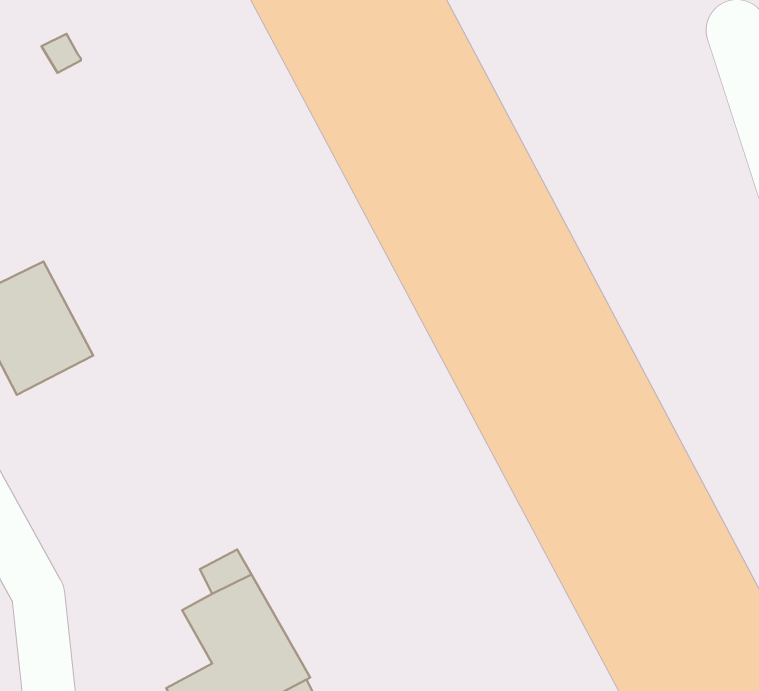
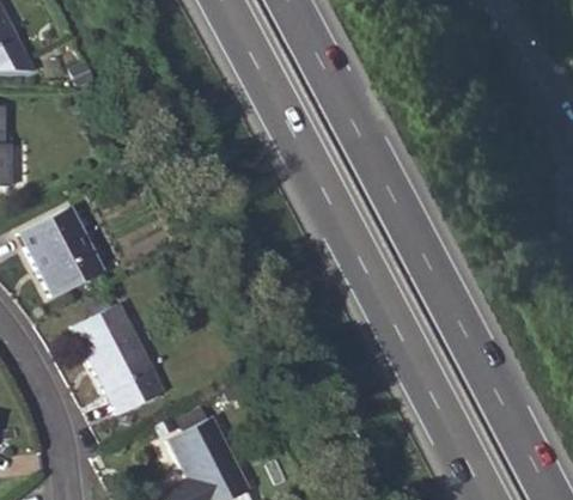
building: none -> [74,305,164,415]

